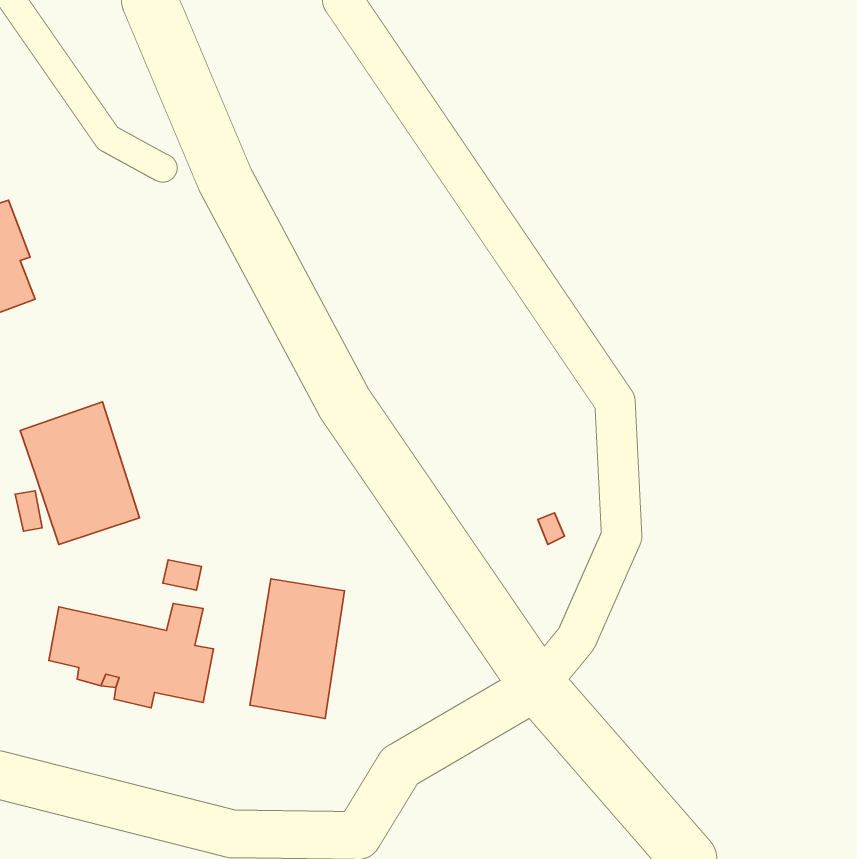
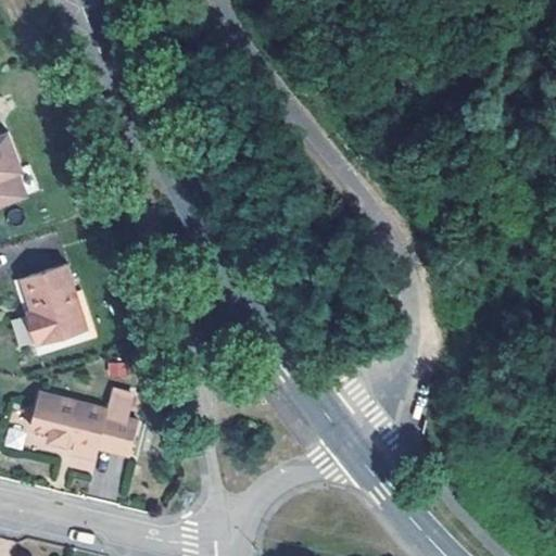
building: [250,579,344,719] -> none

